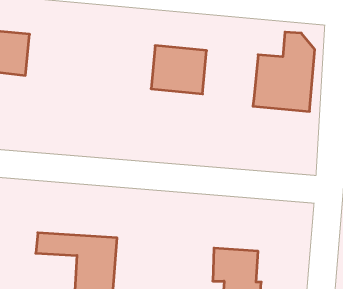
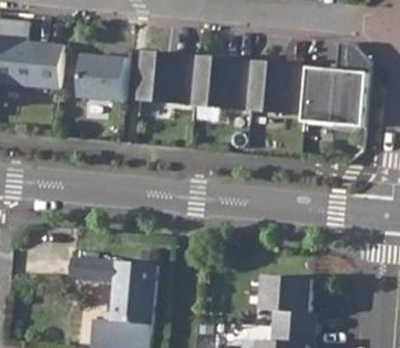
building: none -> [78,49,127,101]
building: none -> [136,51,196,103]
building: none -> [247,62,307,114]

